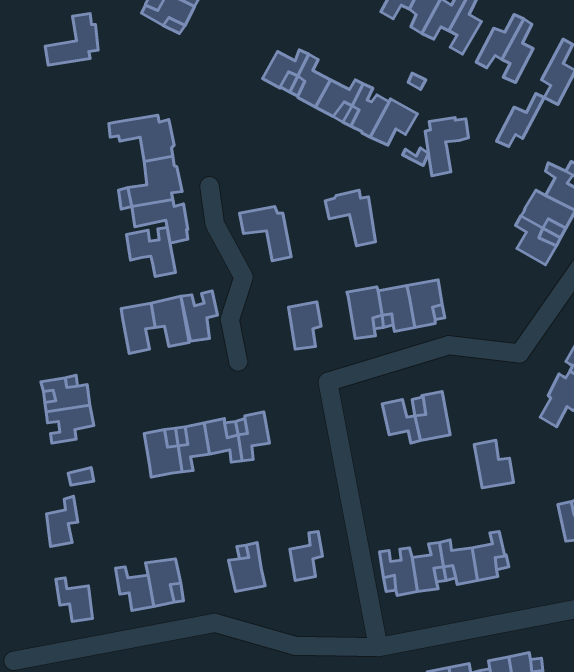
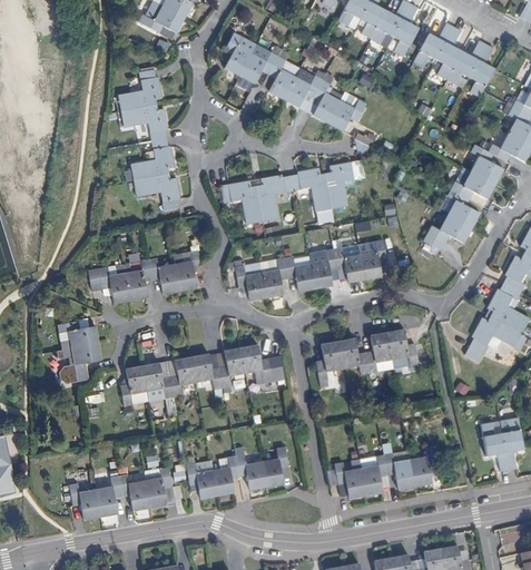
building: [45,14,98,65] -> [117,69,160,111]
building: none -> [224,33,256,76]
building: [497,94,544,147] -> [446,40,485,83]
building: [425,117,469,176] -> [326,161,362,209]
building: none -> [256,175,294,222]
building: [127,228,175,277] -> [90,264,130,304]
building: none -> [422,215,471,249]
building: none -> [284,254,315,292]
building: none -> [234,261,266,301]
building: none -> [315,342,343,382]
building: none -> [240,346,273,384]
building: none -> [120,366,148,407]
building: [474,440,514,488] -> [386,328,419,367]
building: [46,496,78,547] -> [97,476,122,518]
building: none -> [235,454,266,490]
building: none -> [186,460,217,499]

